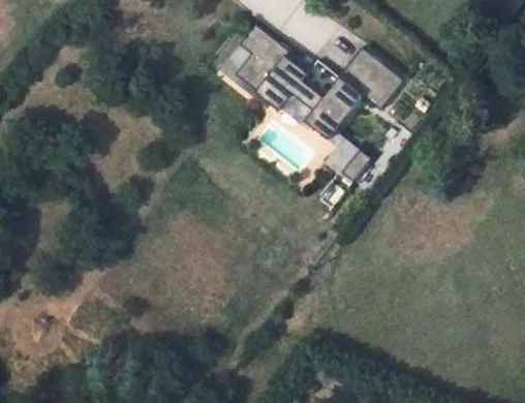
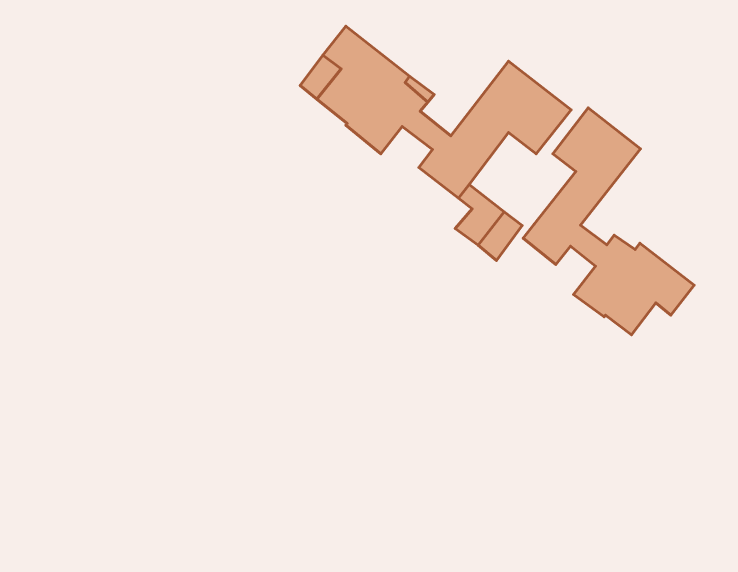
building: none -> [523,108,694,335]

